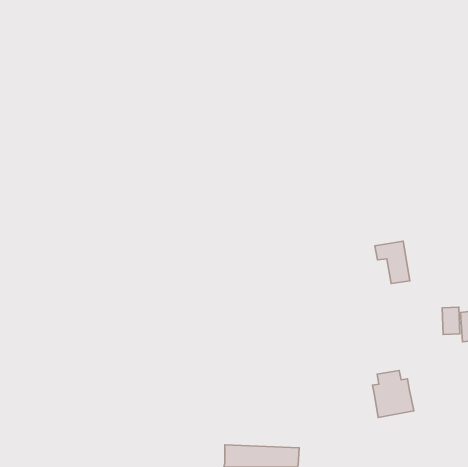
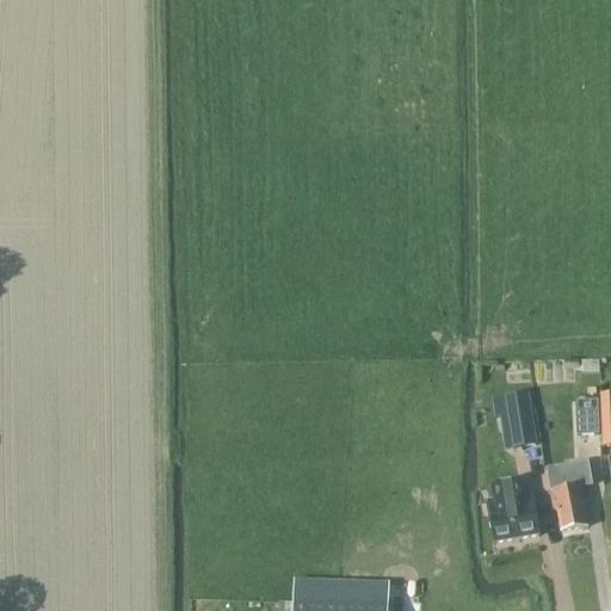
building: [375,241,410,284] -> [492,391,537,446]
building: none -> [547,458,592,530]

